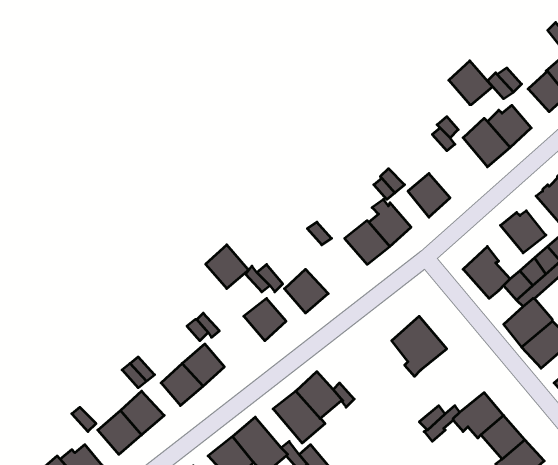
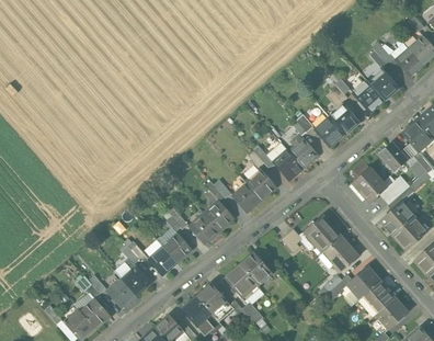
building: [449,61,493,105] -> [330,105,359,135]
building: [206,245,249,289] -> [191,215,220,245]
building: none -> [247,170,276,200]
building: none -> [324,237,358,273]

